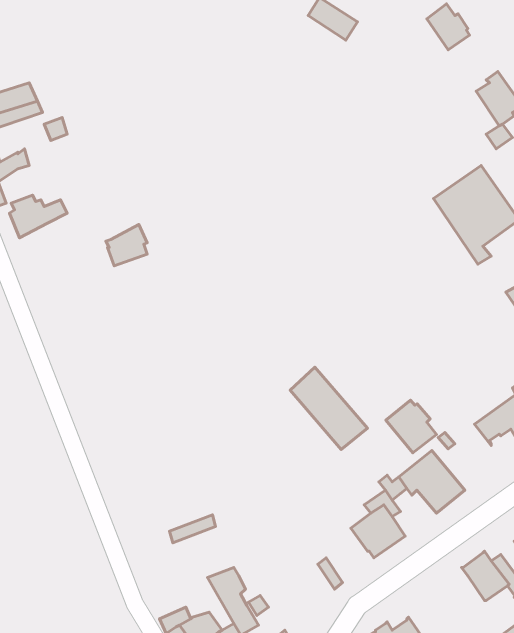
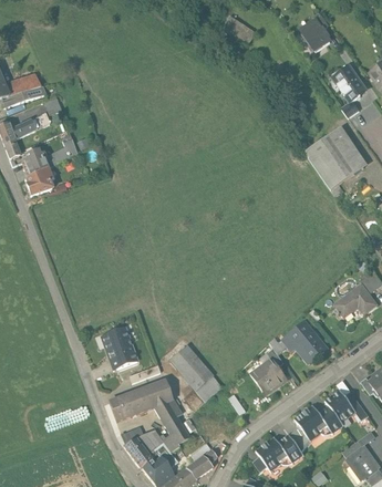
building: [106,225,147,266] -> [24,167,52,195]
building: [290,367,368,449] -> [169,343,221,398]
building: [386,400,437,453] -> none
building: none -> [101,327,137,369]
building: none -> [110,380,172,419]
building: none -> [293,403,343,436]

